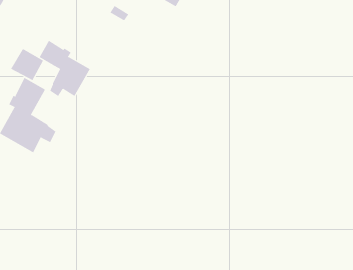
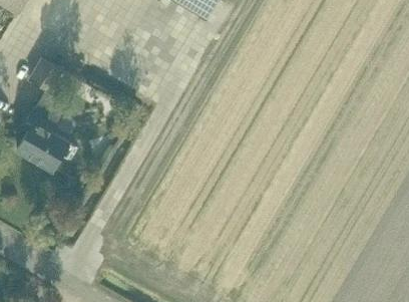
building: [39,40,90,97] -> none

